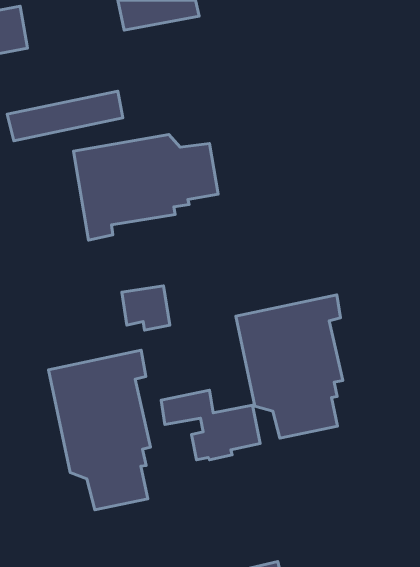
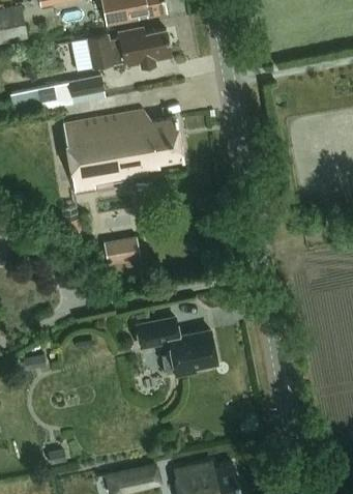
building: none -> [69,27,171,70]
building: [236,295,343,438] -> none
building: [48,350,151,510] -> none

